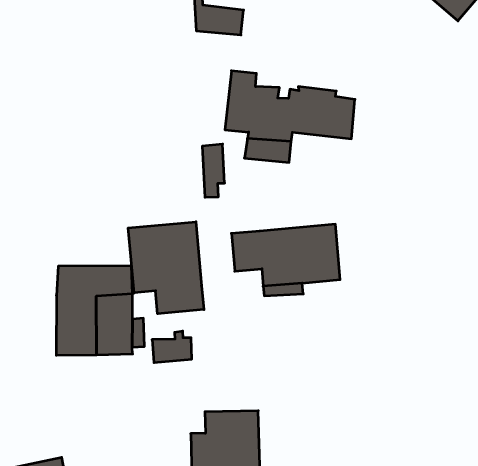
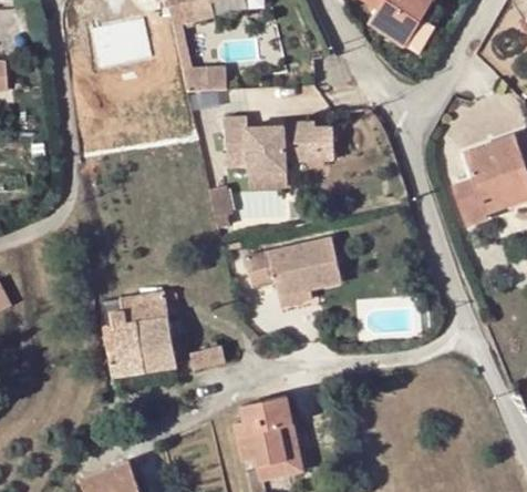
building: [128,222,204,314] -> none

